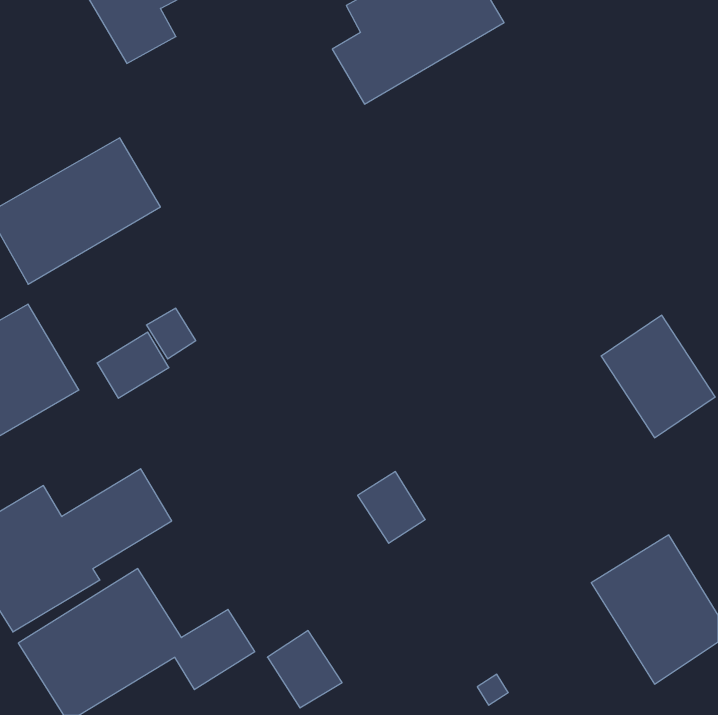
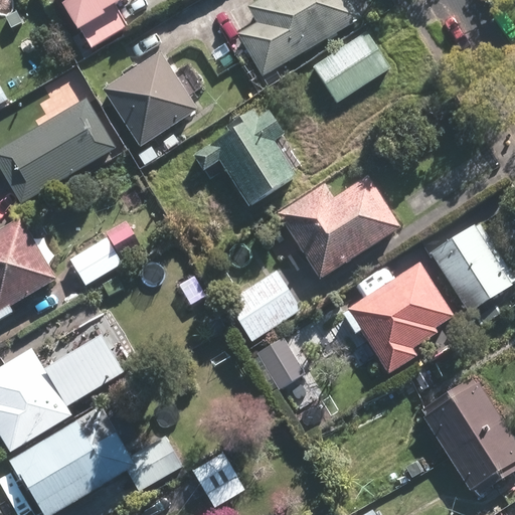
building: none -> [313,30,390,102]
building: none -> [100,52,196,147]
building: none -> [192,110,296,206]
building: none -> [278,175,399,278]
building: none -> [346,263,453,372]
building: none -> [227,271,301,340]

